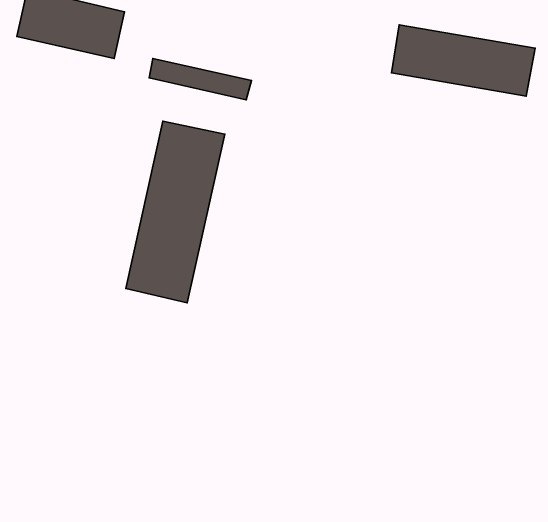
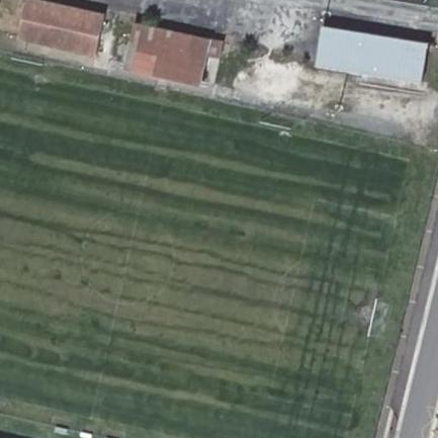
building: none -> [127,22,224,70]
building: [126,121,225,303] -> none

